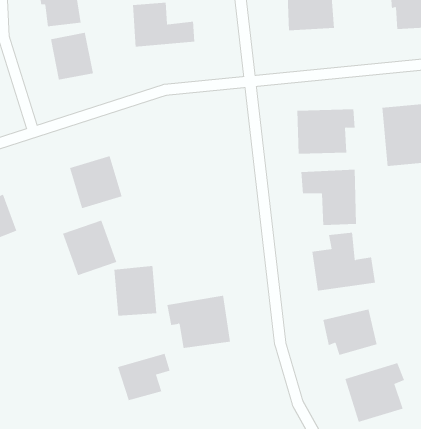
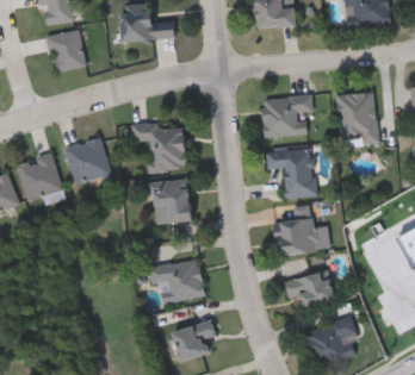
building: none -> [131,124,186,171]
building: [62,220,117,276] -> [16,151,63,200]
building: [113,266,157,316] -> [153,179,191,223]
building: [117,353,170,401] -> [171,319,217,361]

